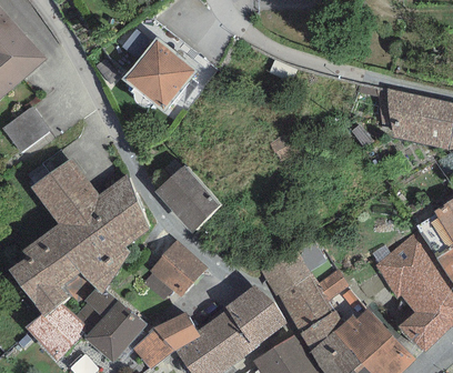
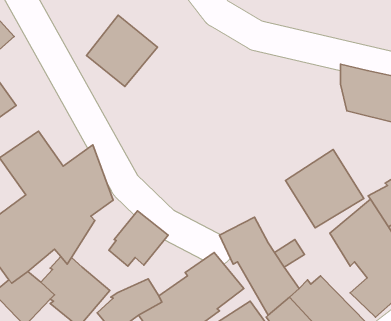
building: [154,164,221,232] -> none
building: none -> [286,150,364,228]

